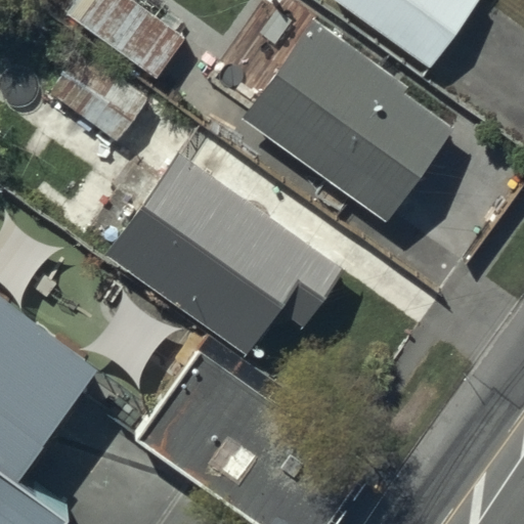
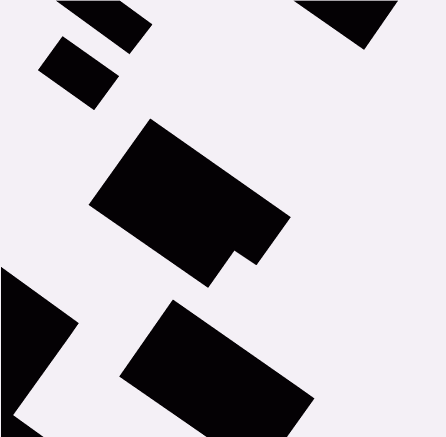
building: [243,20,454,220] -> none

